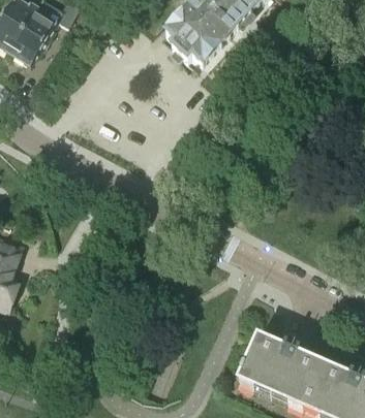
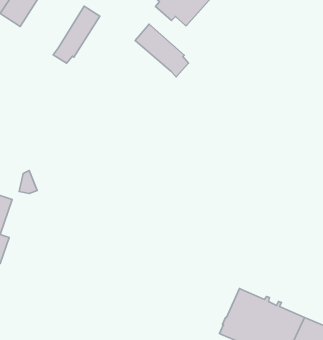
building: none -> [53,6,100,63]
building: none -> [135,24,188,77]

